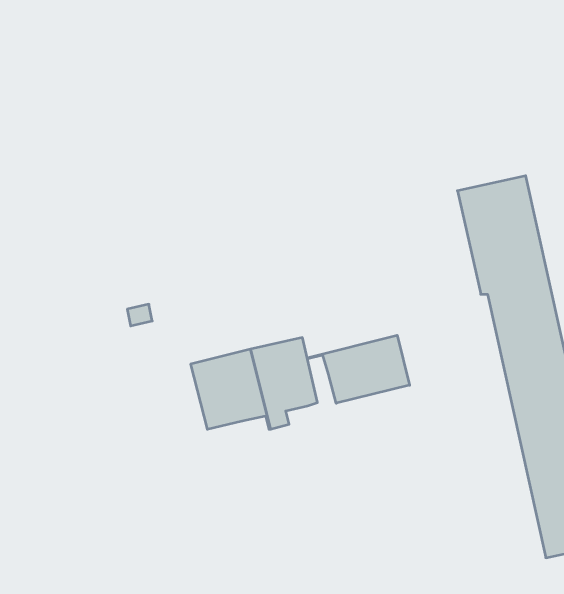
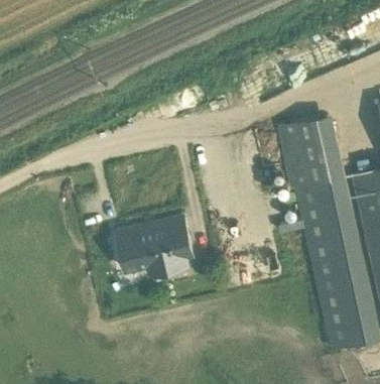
building: [307,335,410,403] -> none

